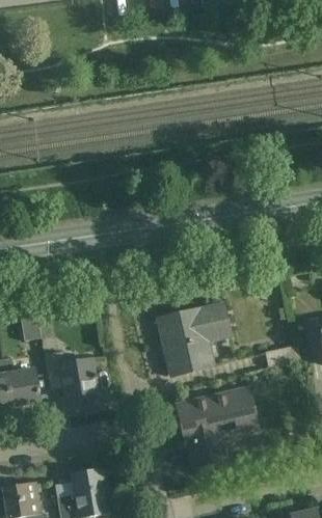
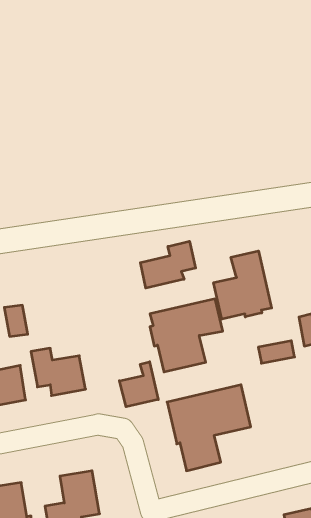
building: none -> [140,241,196,288]
building: none -> [214,251,272,319]
building: none -> [119,362,158,407]

